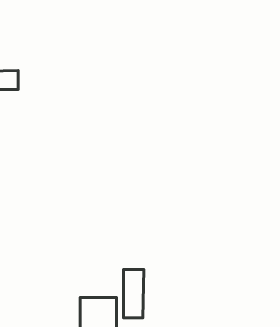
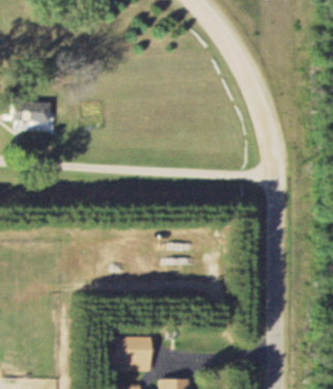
building: [124,269,144,318] -> none

